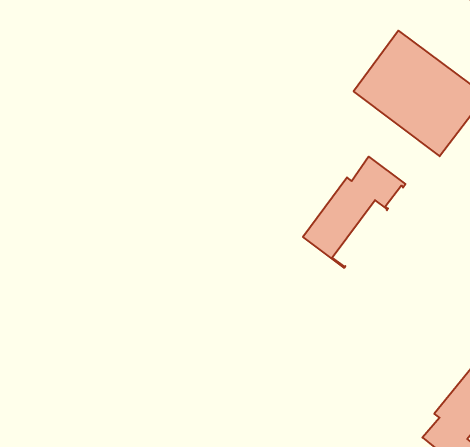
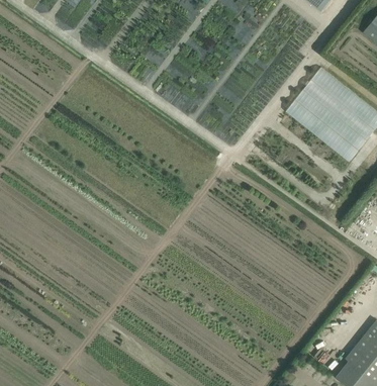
building: [303,157,405,268] -> none

